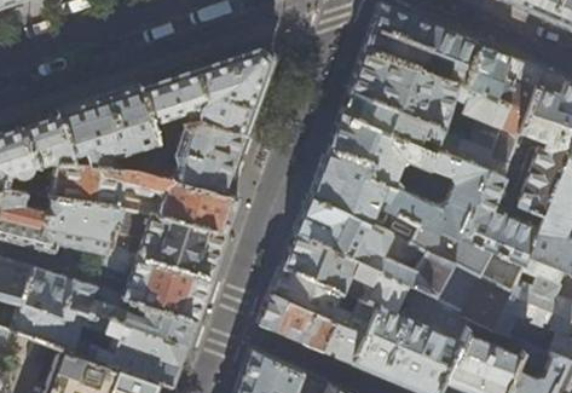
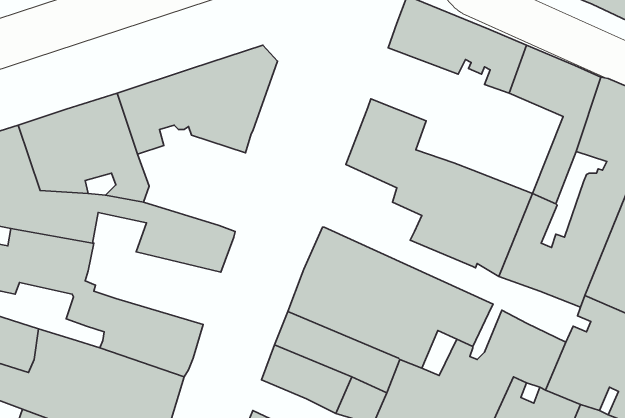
building: [351,50,510,171] -> none
building: [157,122,247,197] -> none
building: [312,146,491,278] -> none
building: [116,212,226,279] -> none

